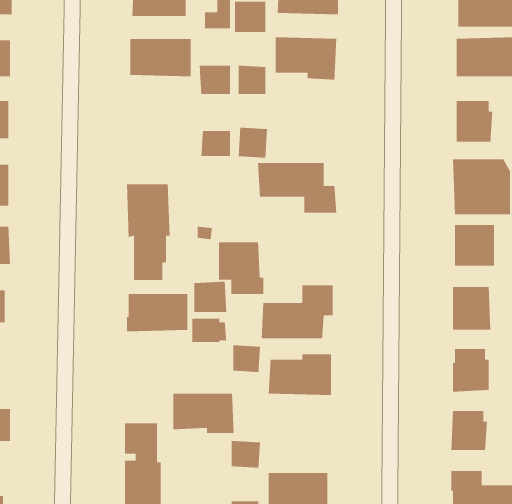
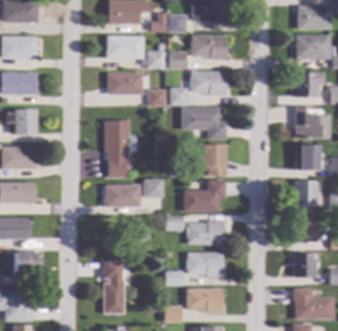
building: none -> [190,70,226,95]
building: none -> [106,71,144,94]
building: [218,242,264,295] -> [201,144,227,175]
building: [172,393,235,434] -> [187,252,223,276]

